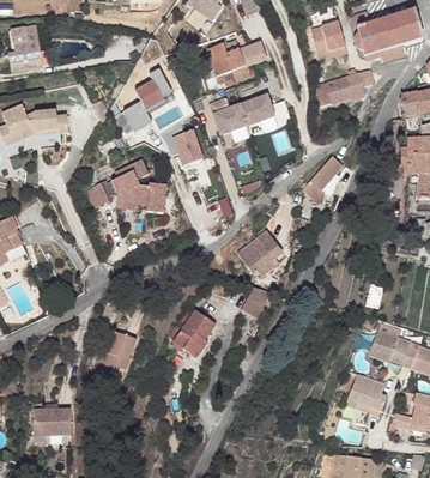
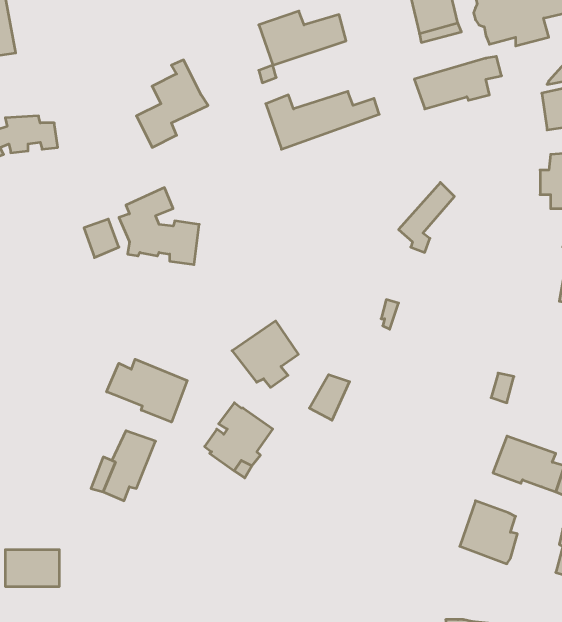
building: [171,129,201,164] -> none
building: [236,231,281,277] -> [232,321,298,387]
building: none -> [107,359,187,422]

